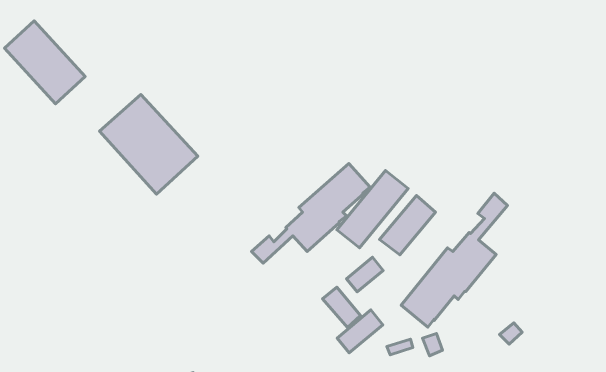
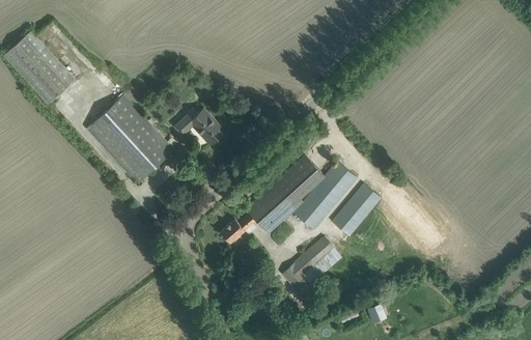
building: none -> [174,108,222,145]
building: [401,193,508,327] -> none
building: [337,310,383,353] -> none

